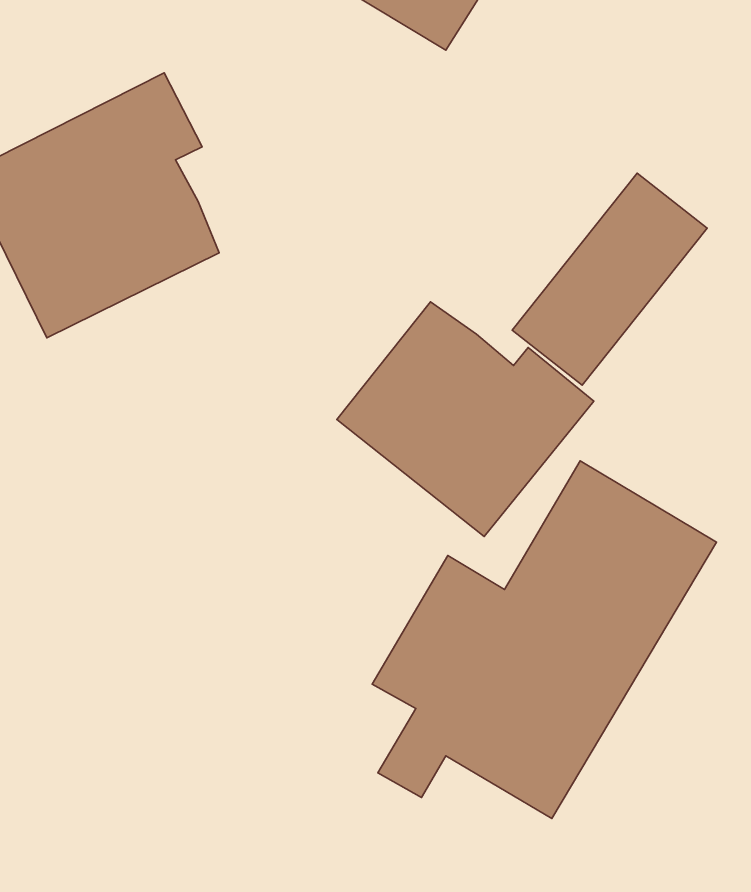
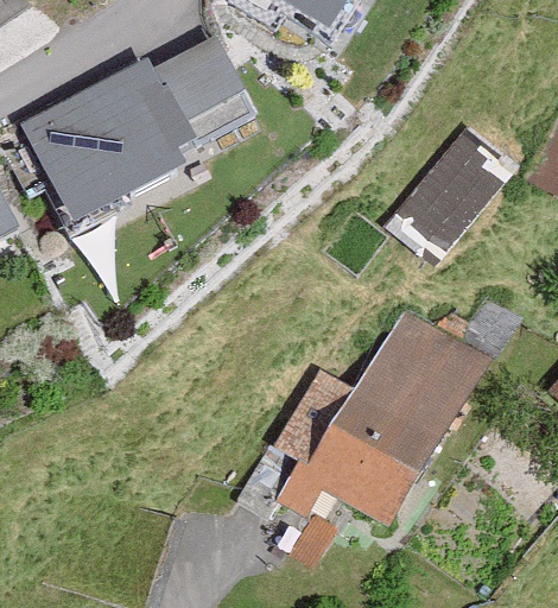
building: none -> [147,26,254,142]
building: [337,302,594,536] -> none

